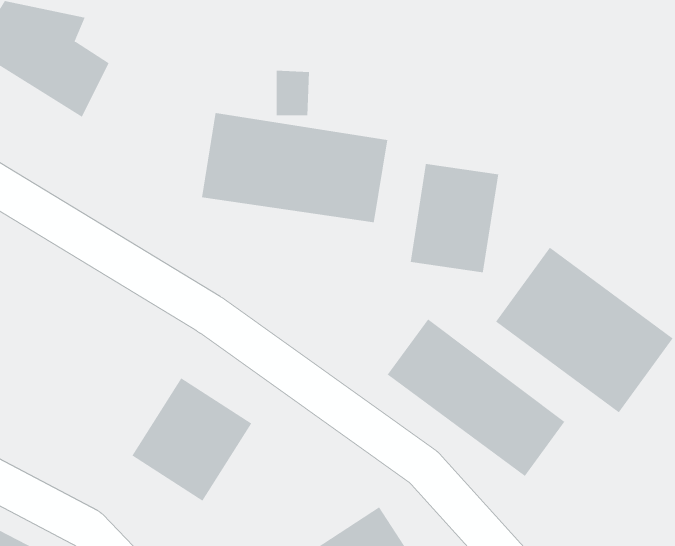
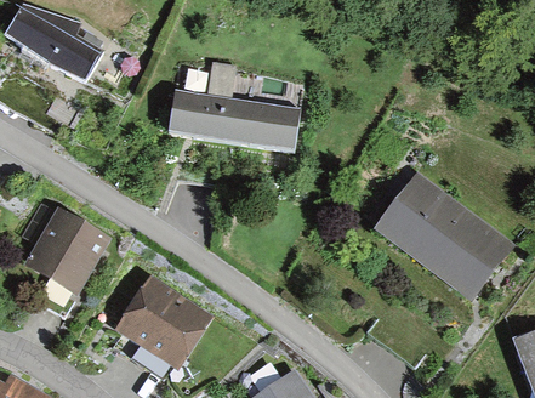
building: [410,163,499,273] -> none
building: none -> [29,205,106,290]
building: [387,318,565,477] -> none

